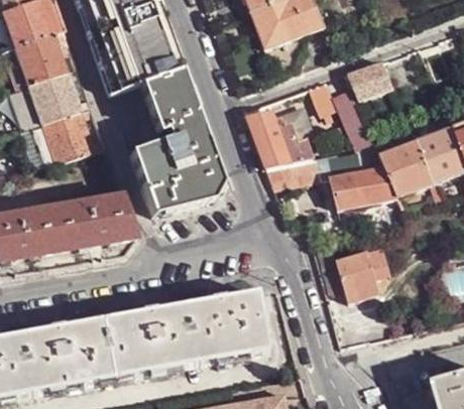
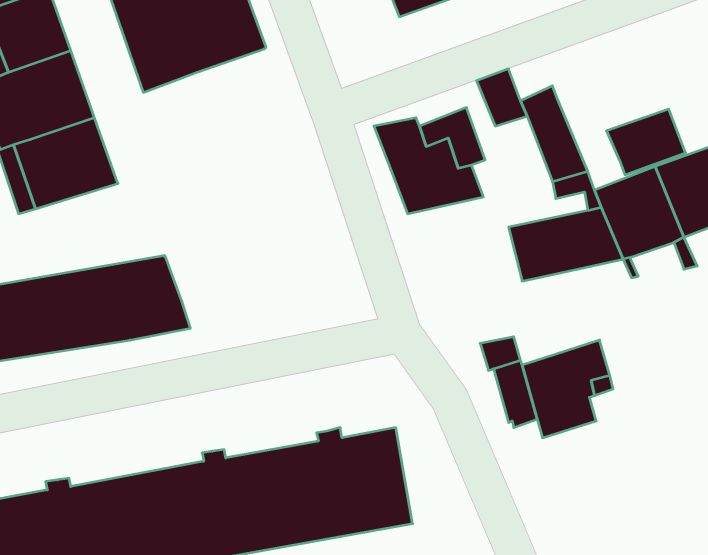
building: [347,58,394,98] -> [606,109,686,175]
building: [130,67,221,214] -> none
building: [268,155,321,186] -> none

